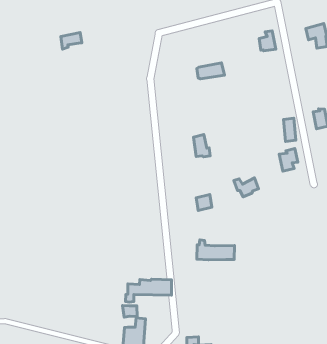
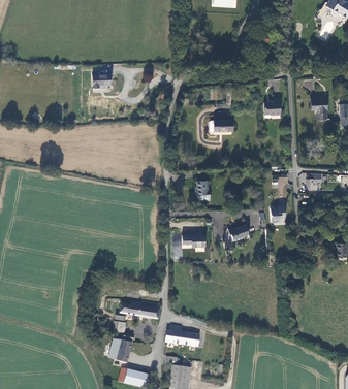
building: [197,240,235,260] -> [164,325,199,347]

